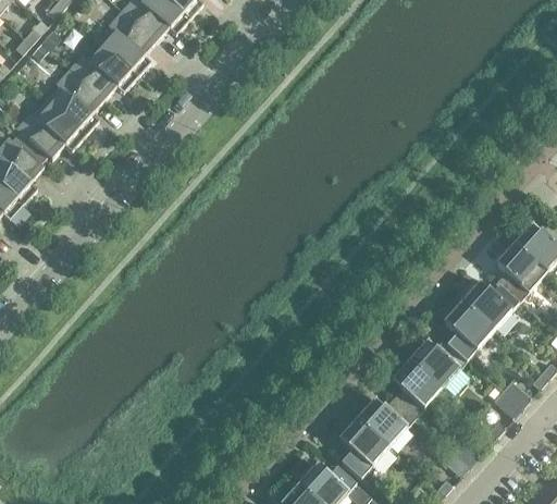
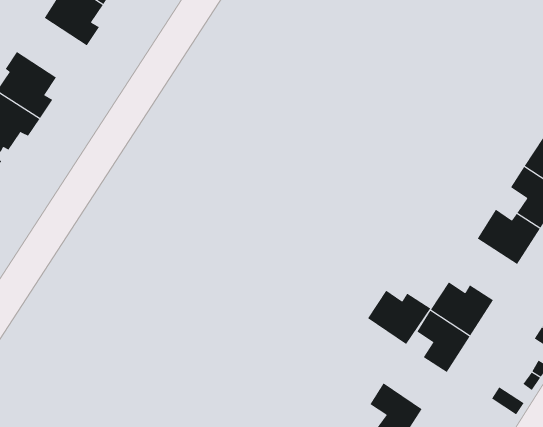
building: [71,46,135,101] -> none
building: [443,305,491,362] -> none
building: [354,398,412,451] -> [367,290,431,345]

